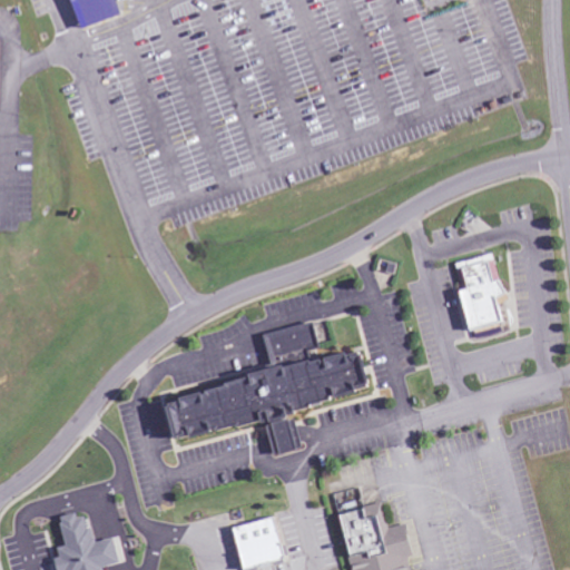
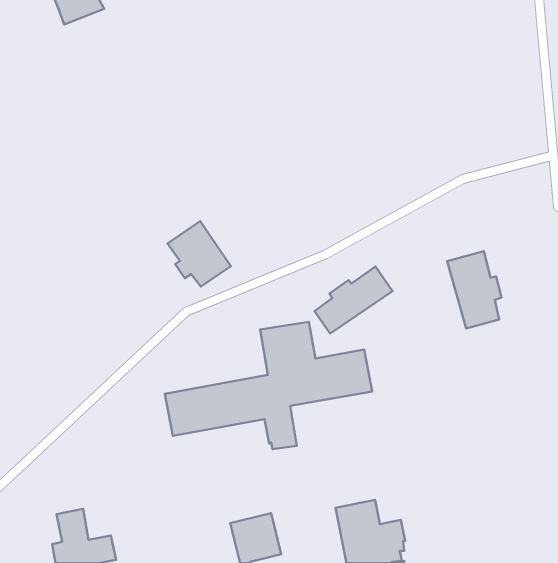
building: none -> [167,221,231,287]
building: none -> [314,267,392,333]

